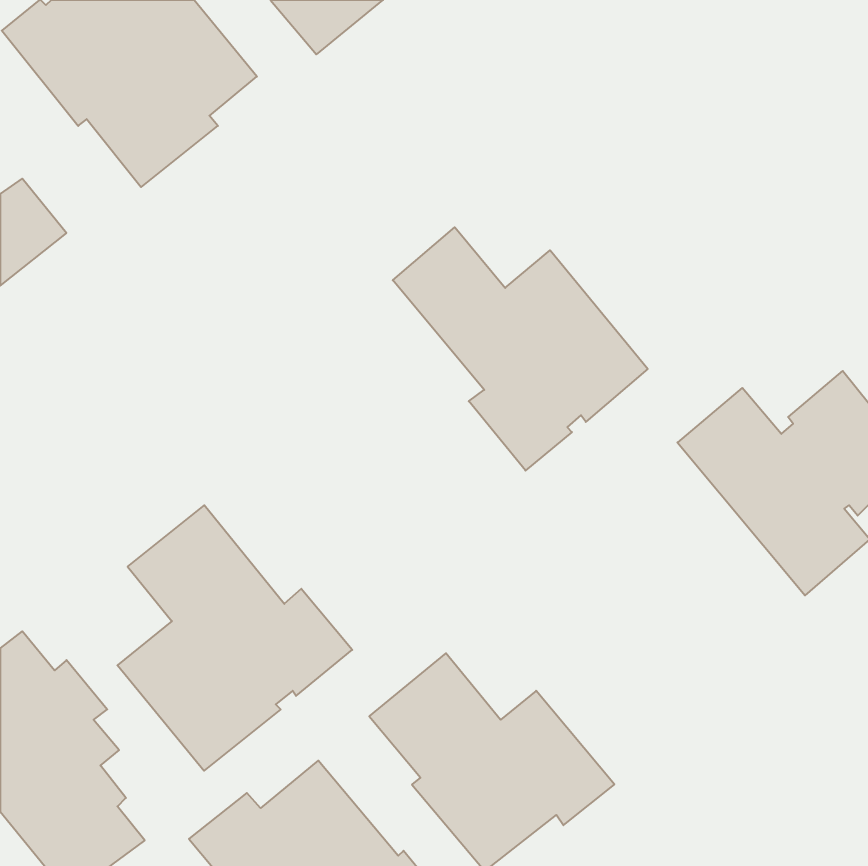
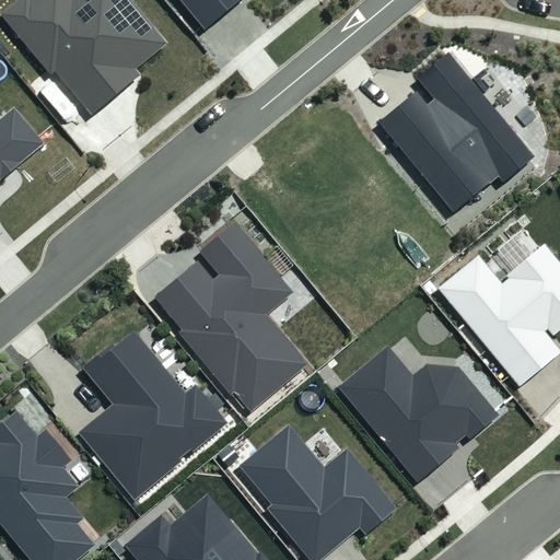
building: none -> [380,62,536,222]
building: [393,227,648,471] -> none
building: none -> [154,220,306,409]
building: none -> [337,343,497,480]

